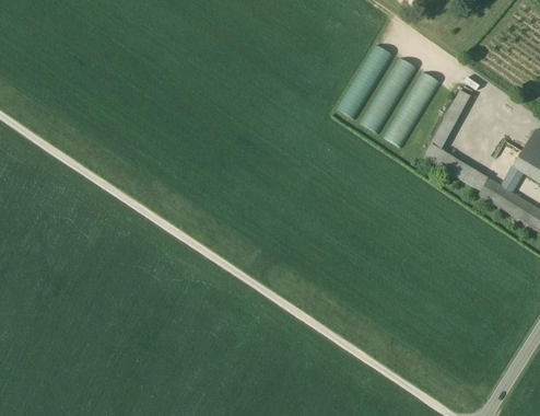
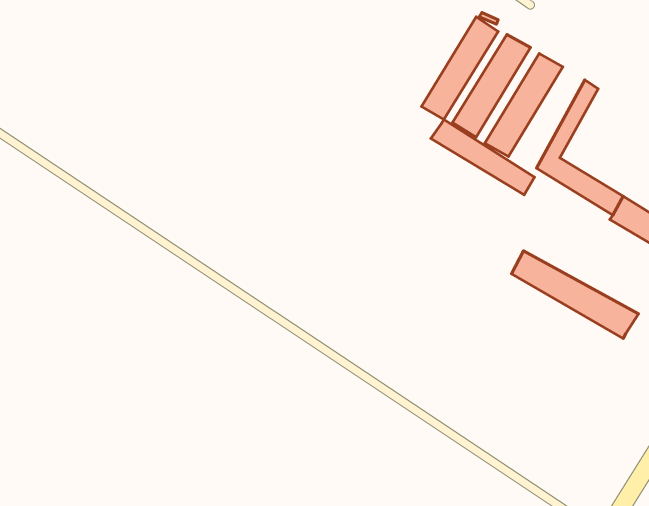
building: none -> [431,120,535,195]
building: none -> [511,251,638,338]

